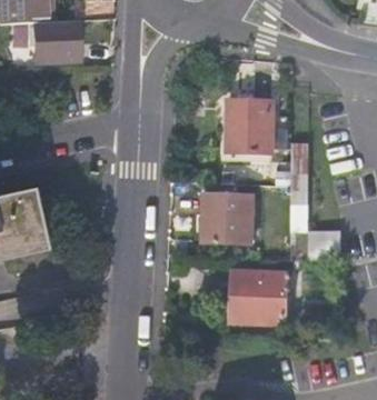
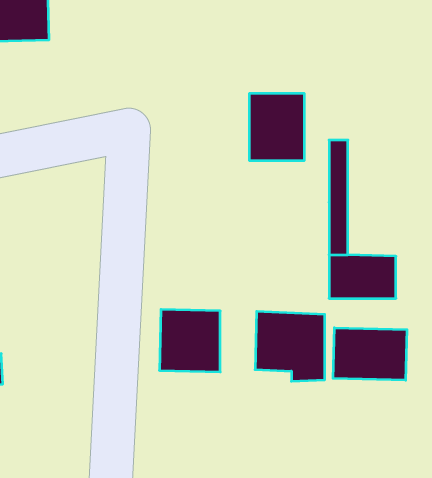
building: [202,196,249,243] -> [159,309,220,372]
building: none -> [333,328,407,380]

